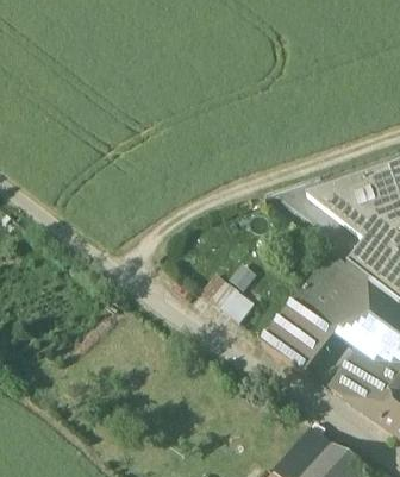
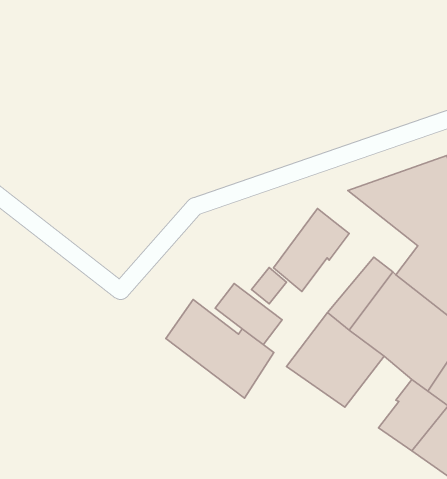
building: none -> [274,208,349,291]
building: none -> [166,300,274,398]

